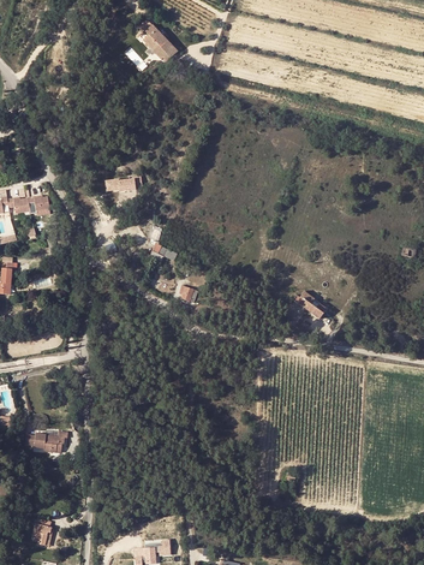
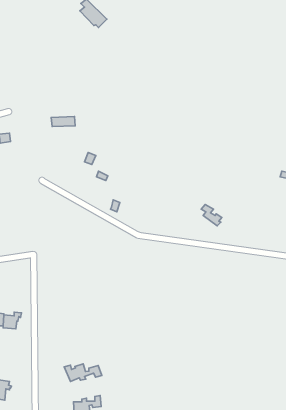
building: none -> [64,364,102,381]

